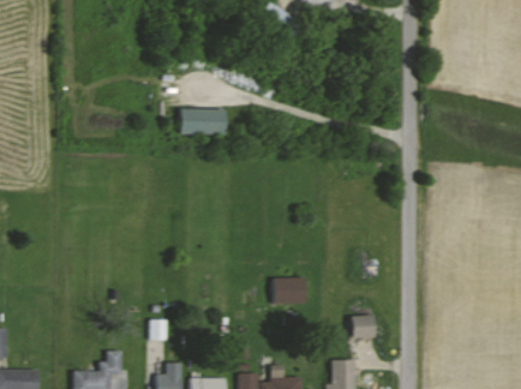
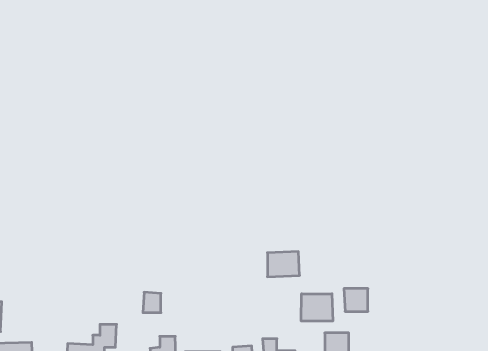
building: [180,108,226,133] -> none
building: none -> [301,294,333,321]

